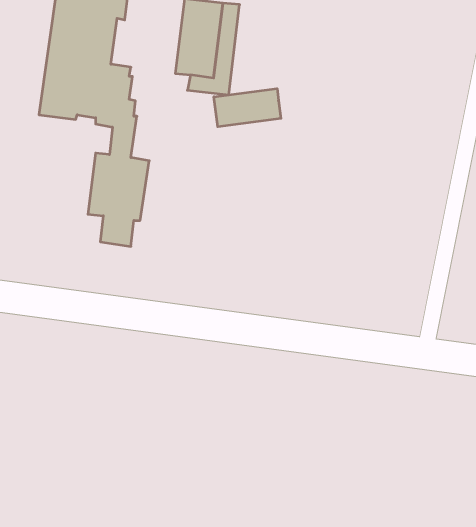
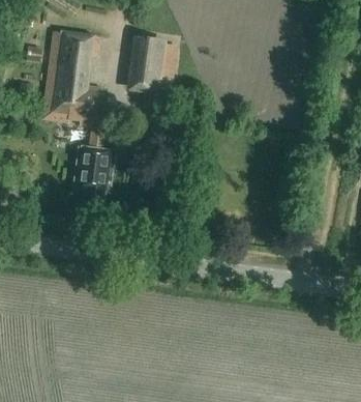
building: [214,89,281,127] -> none

